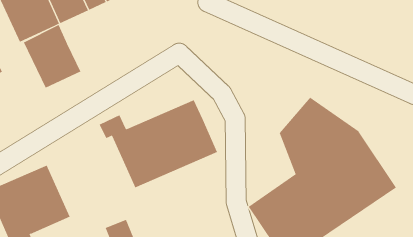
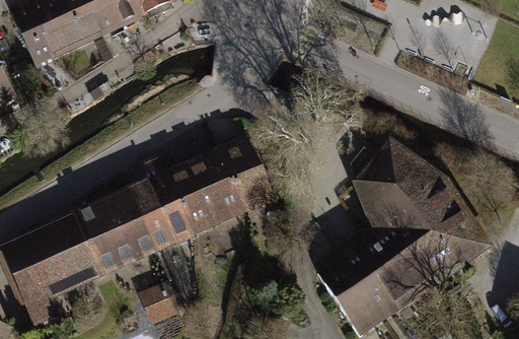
building: [23,24,81,89] -> none
building: none -> [69,183,175,280]

